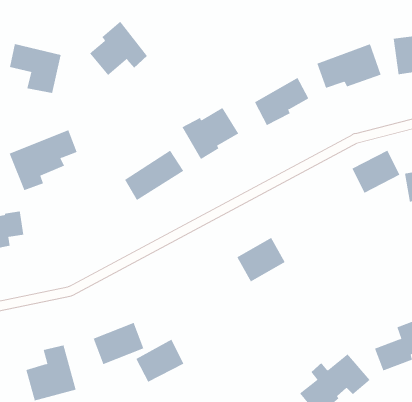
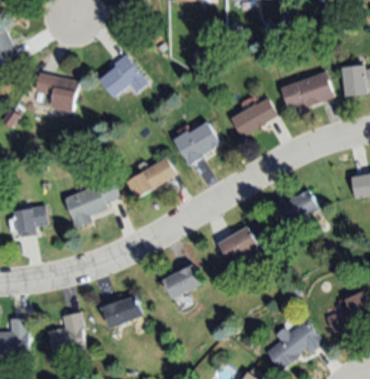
building: [9,130,77,191] -> [64,179,119,228]
building: [352,150,400,194] -> [278,190,317,225]
building: [135,339,184,382] -> [162,263,201,298]

